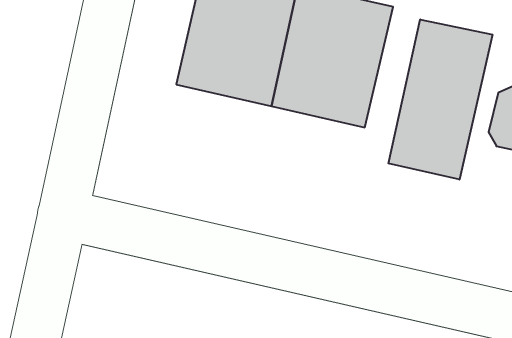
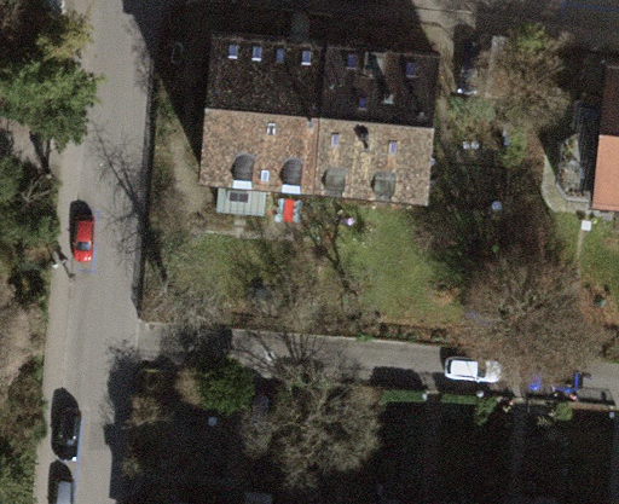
building: [388,19,492,180] -> none

